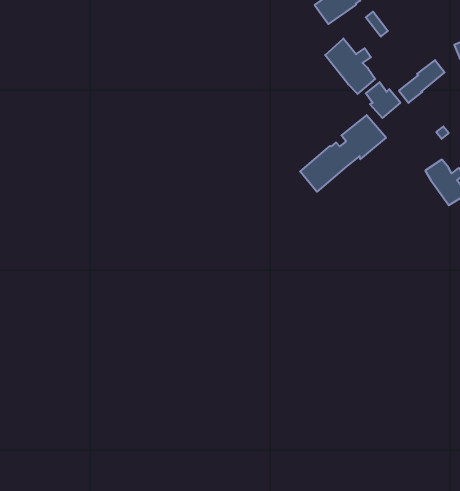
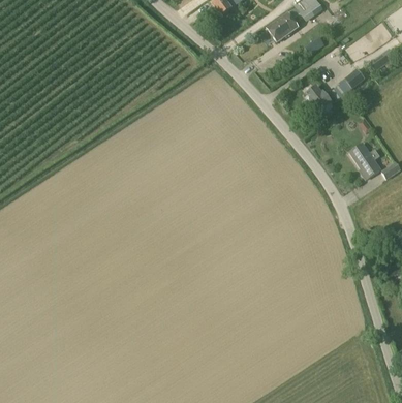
building: [325,38,375,94] -> none
building: [300,115,386,192] -> none

